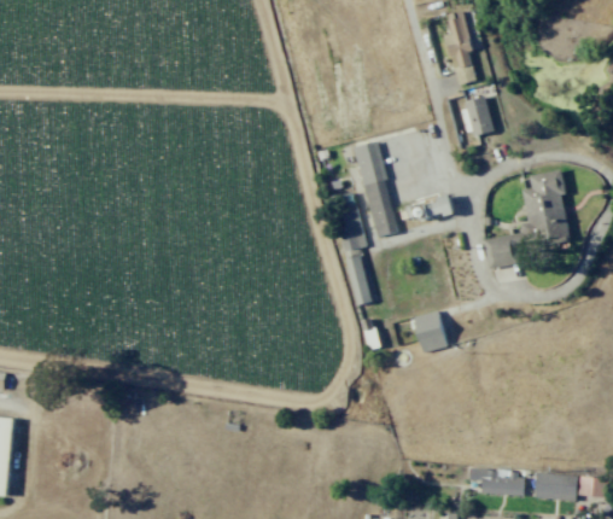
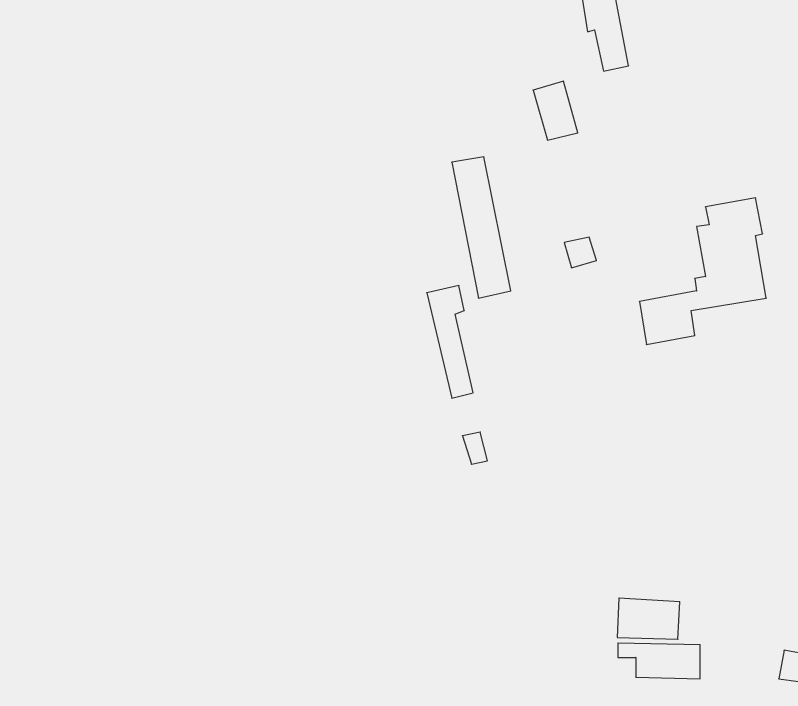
building: [463,97,494,136] -> [533,81,578,140]
building: [413,310,446,354] -> none
building: [535,473,577,501] -> [617,598,680,639]

